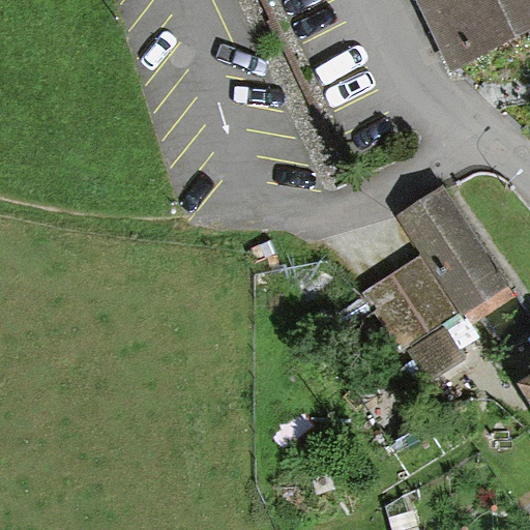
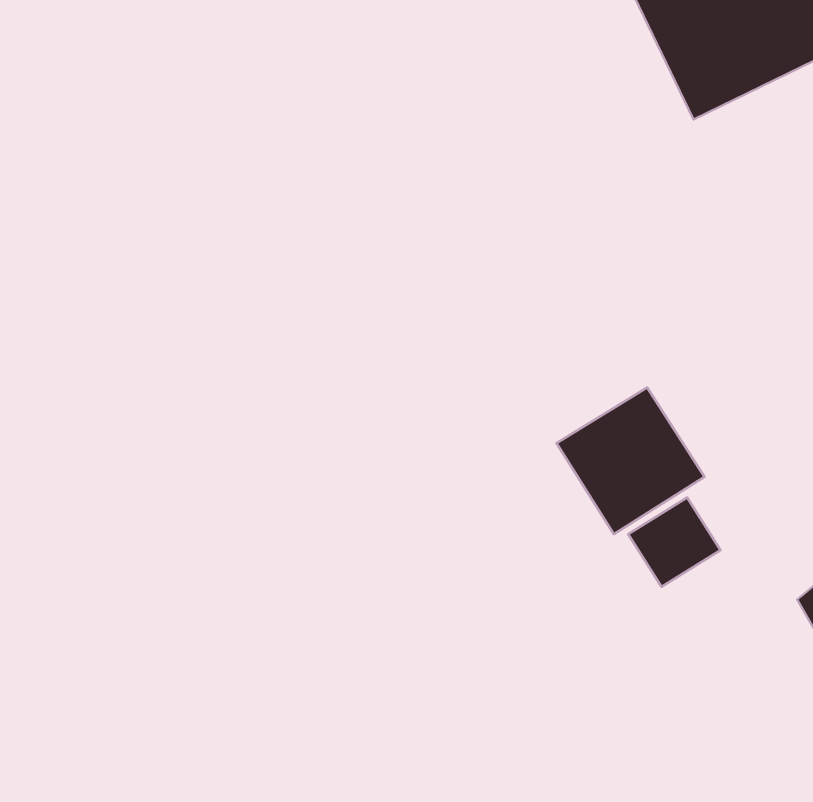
building: [402,184,511,313] -> none

